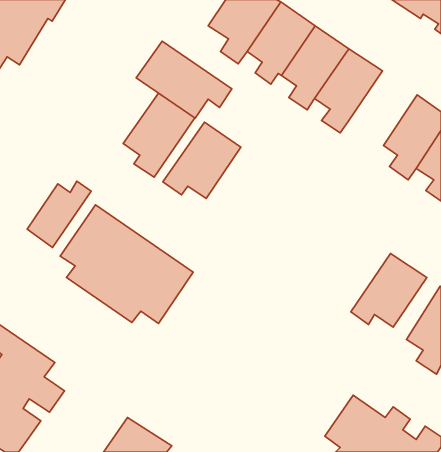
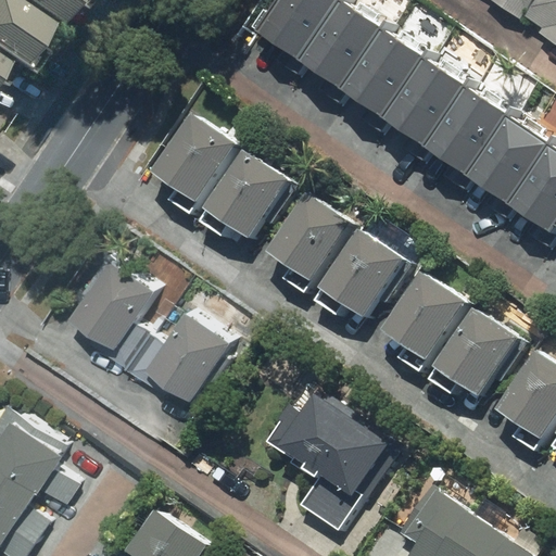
building: [136,41,232,118] -> none
building: none -> [427,87,511,189]
building: none -> [267,189,354,296]
building: [27,181,91,247] -> none
building: none -> [316,229,412,320]
building: none -> [382,269,470,377]
building: none -> [266,378,402,536]

